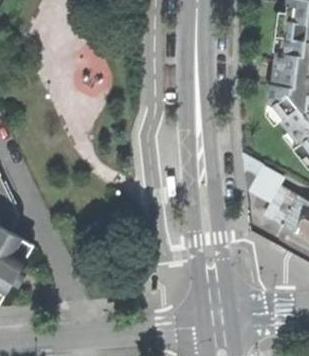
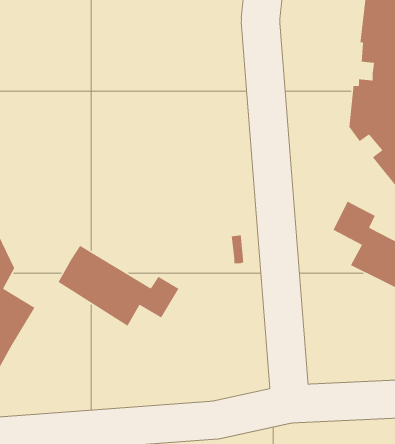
building: none -> [58,245,180,327]

